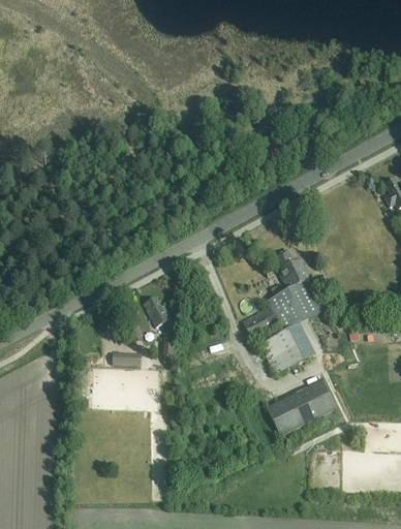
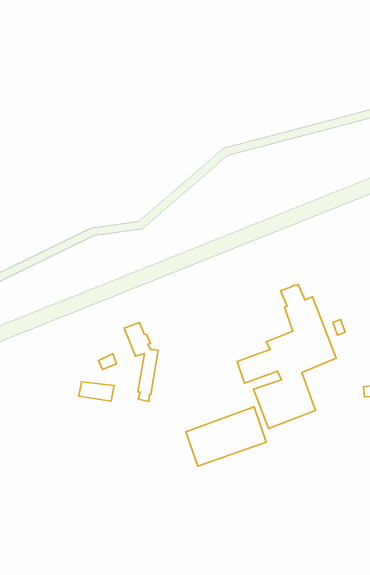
building: [267,379,336,435] -> [186,407,266,466]

